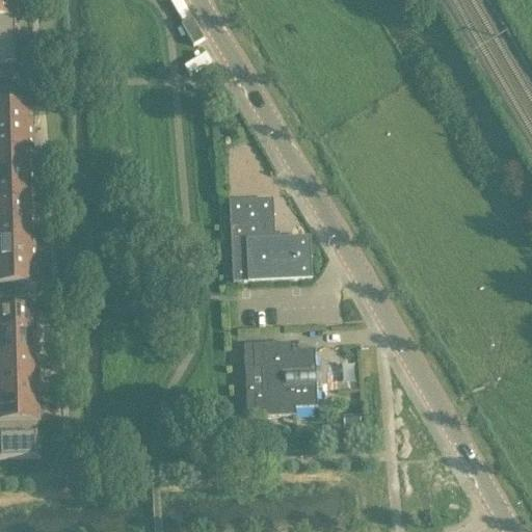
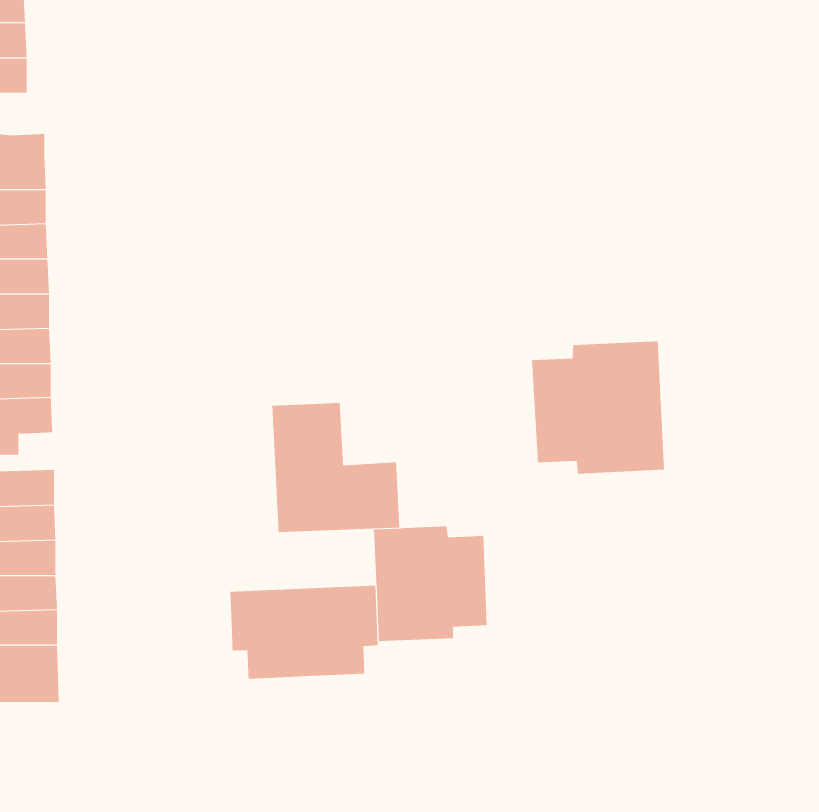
building: [227,195,310,280] -> [271,402,400,533]
building: none -> [532,341,664,474]
building: none -> [230,585,378,680]

